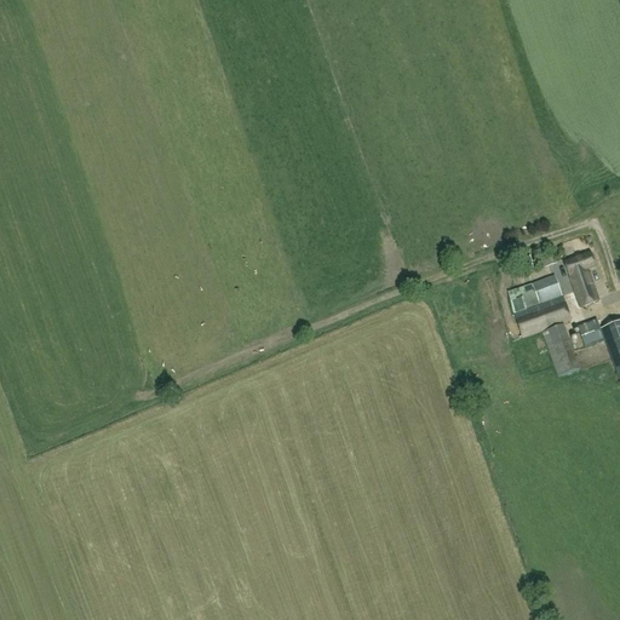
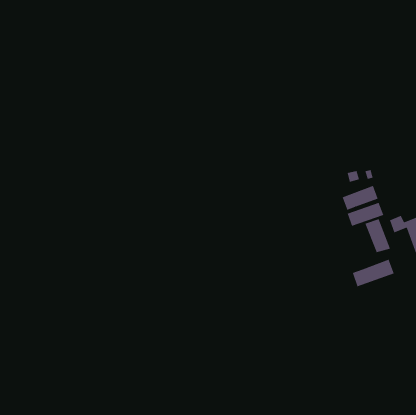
building: [566,253,599,306] -> none
building: none -> [352,259,395,287]

